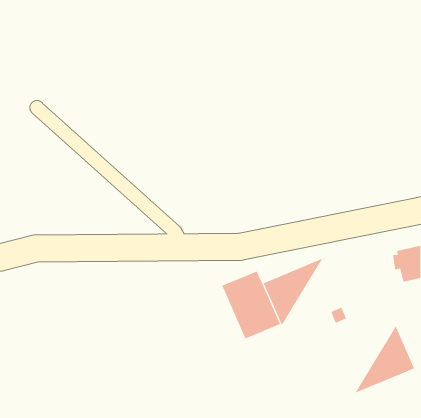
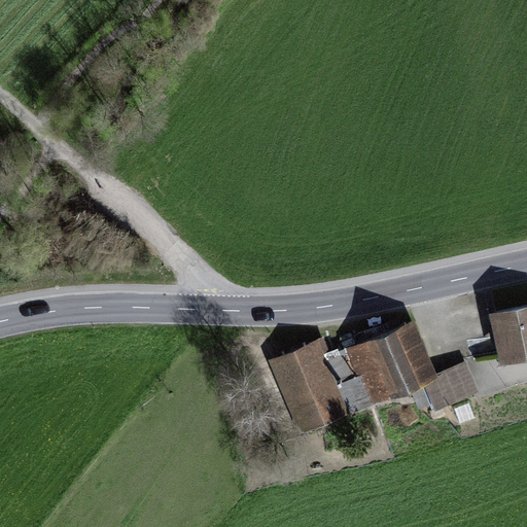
building: none -> [436,365,475,402]
building: [354,325,415,394] -> [352,325,428,412]

